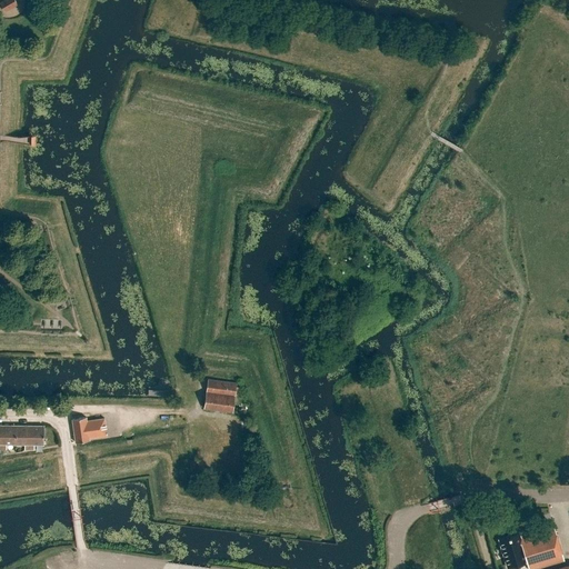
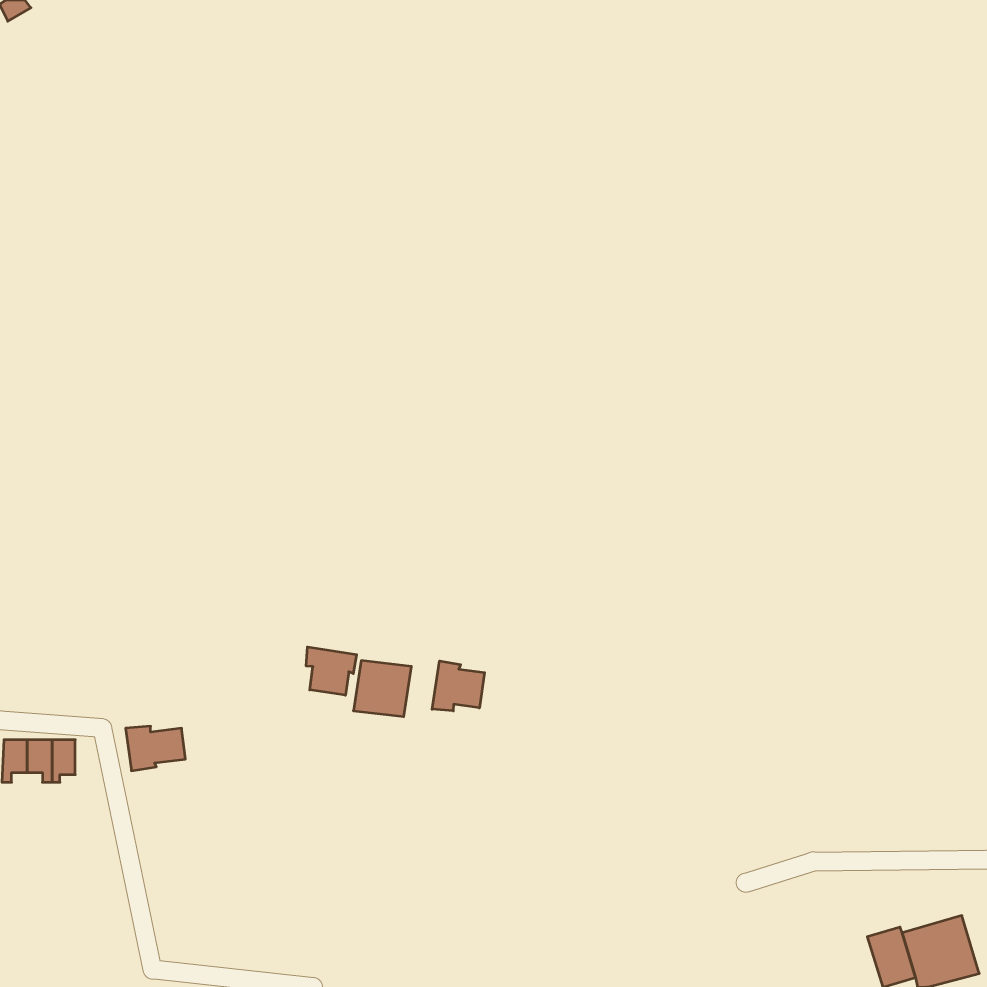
building: none -> [306,647,357,695]
building: none -> [432,661,485,711]

